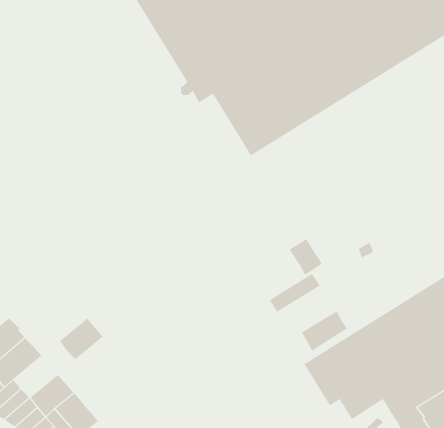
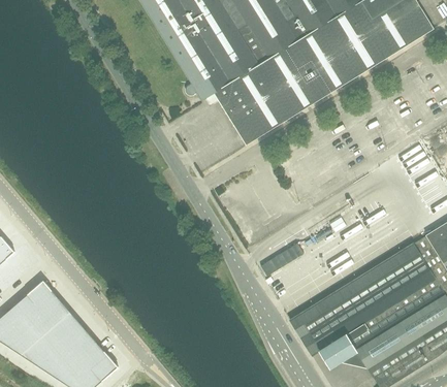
building: [289,238,323,276] -> none
building: [301,310,348,352] -> none
building: [59,318,104,360] -> [46,312,84,347]

